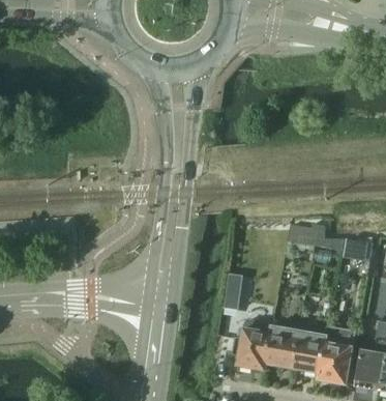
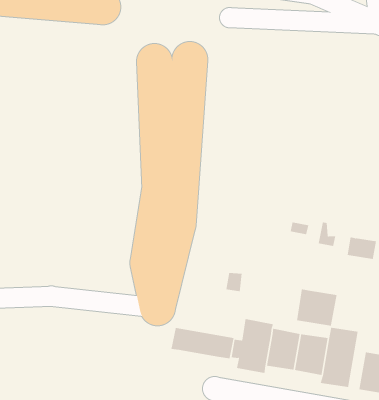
building: none -> [297,288,337,326]
building: none -> [171,327,234,359]

